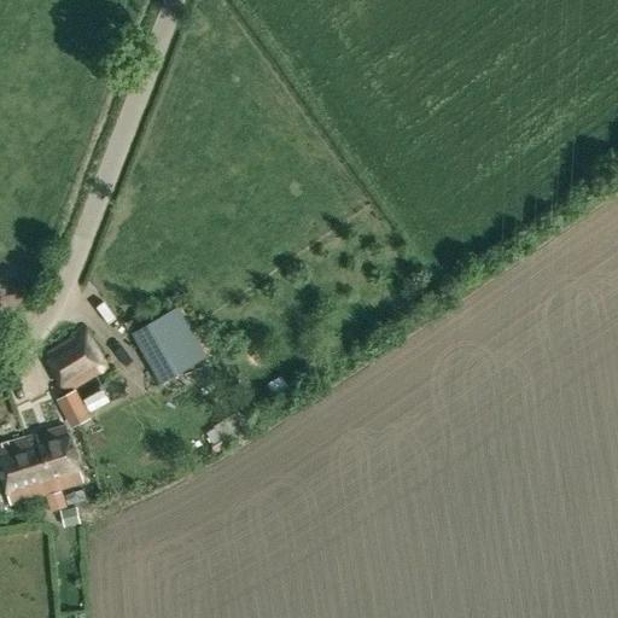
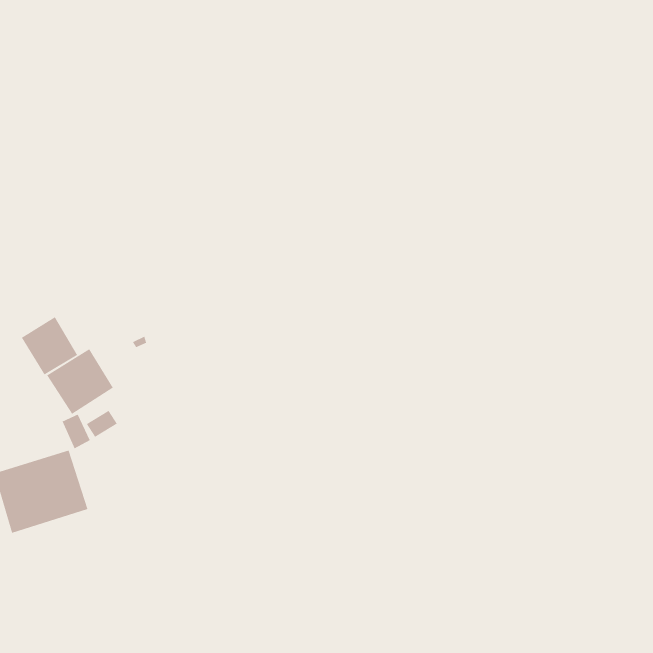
building: none -> [21,316,78,376]
building: [133,307,205,384] -> none

